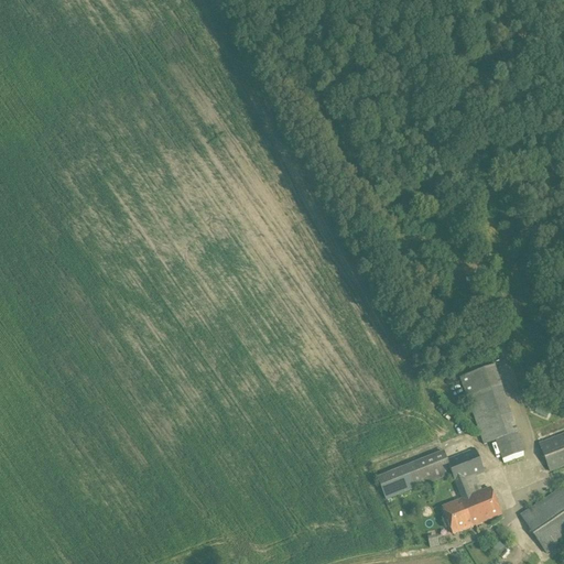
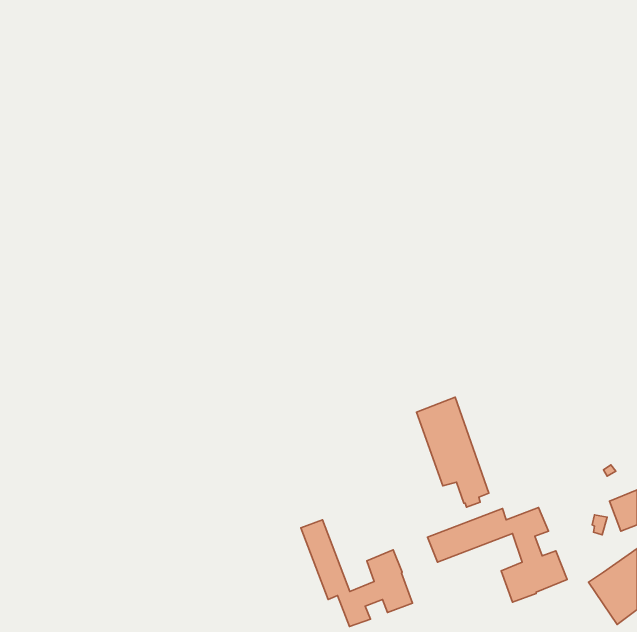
building: [460,362,524,459] -> [417,397,489,507]
building: none -> [301,520,413,626]

